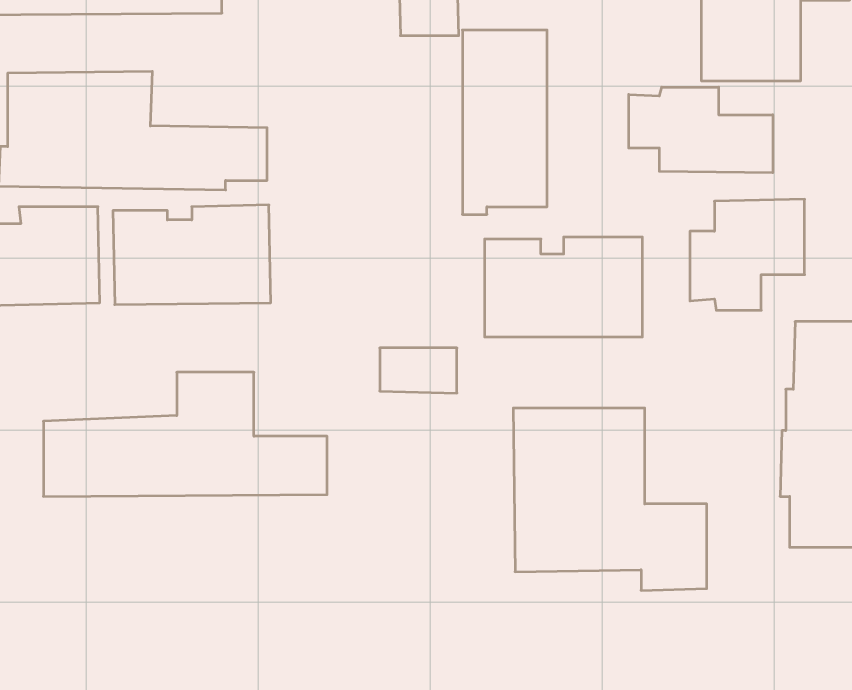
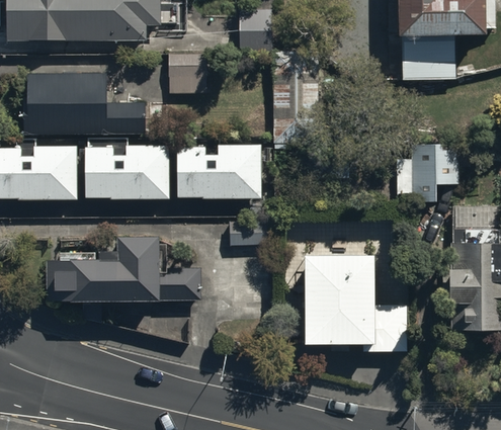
building: none -> [170,55,211,96]
building: [629,87,773,173] -> none
building: [485,237,642,337] -> [176,144,261,197]

